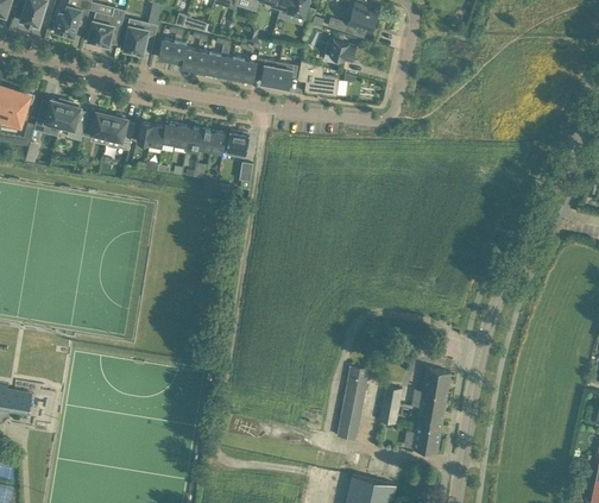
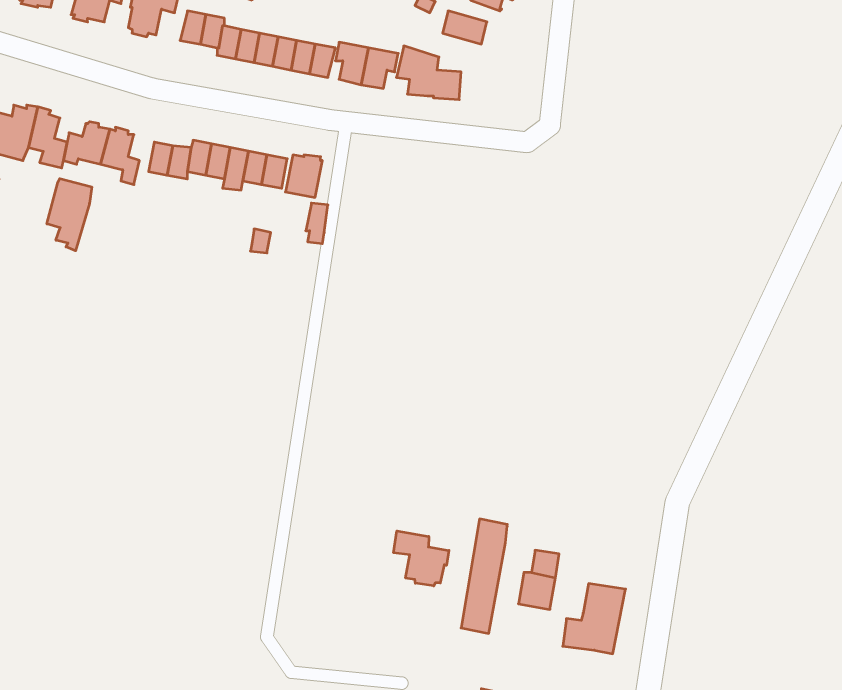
building: none -> [47,179,92,251]
building: [411,367,450,410] -> none
building: none -> [394,531,449,586]

